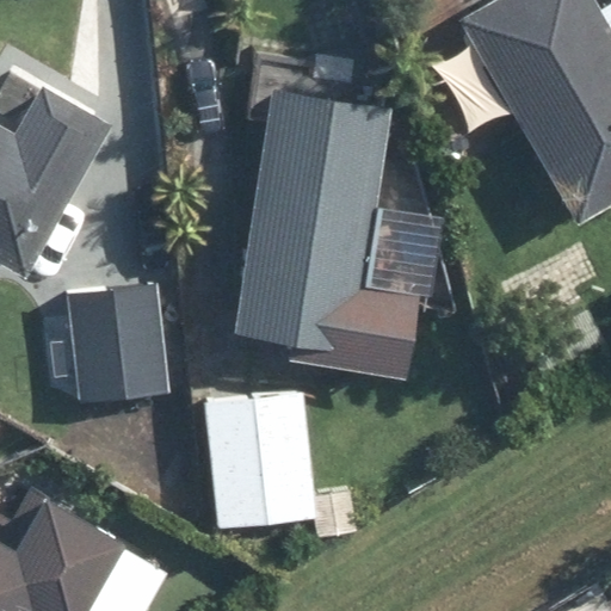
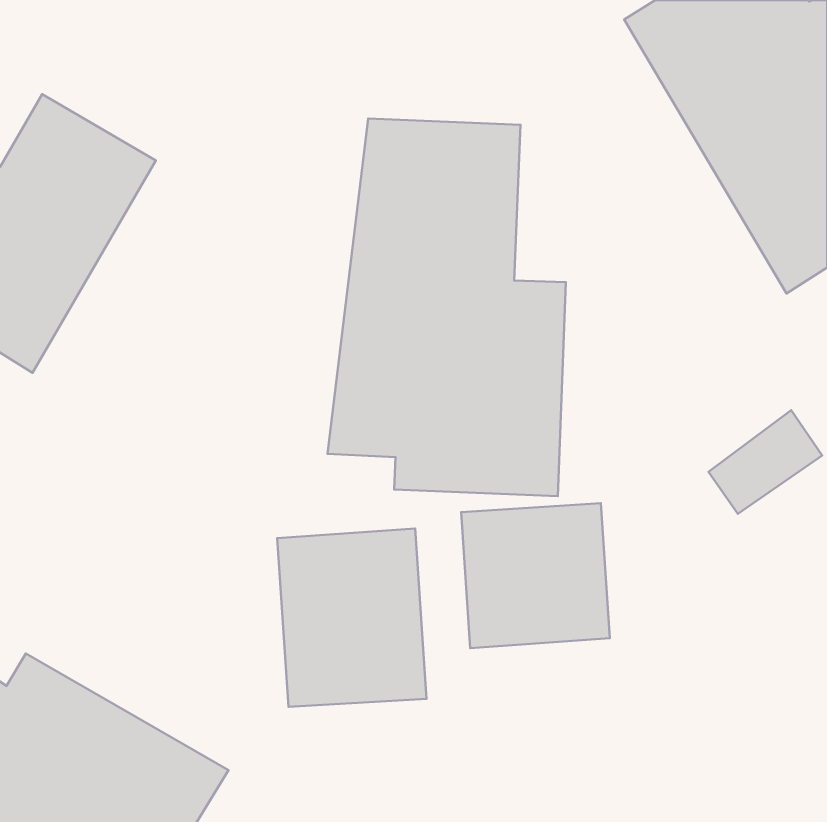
building: [67,280,167,401] -> none
building: none -> [461,503,610,648]

